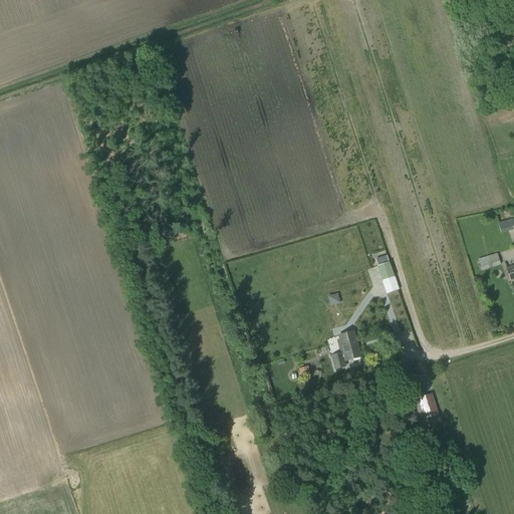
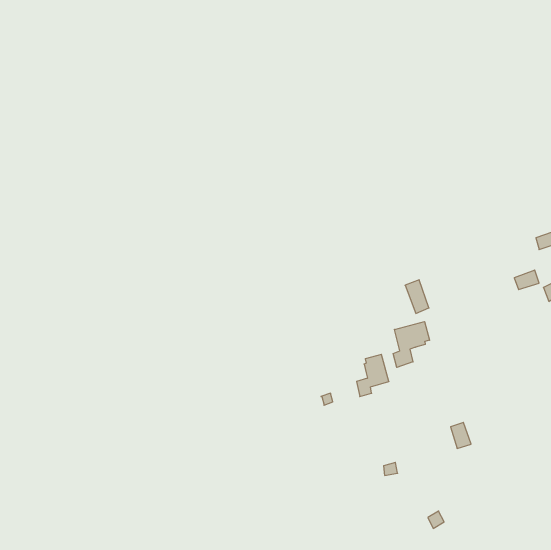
building: none -> [393,322,430,367]

